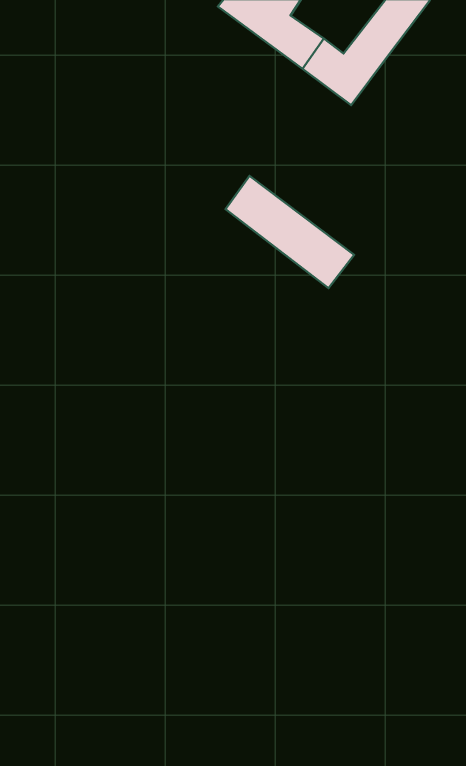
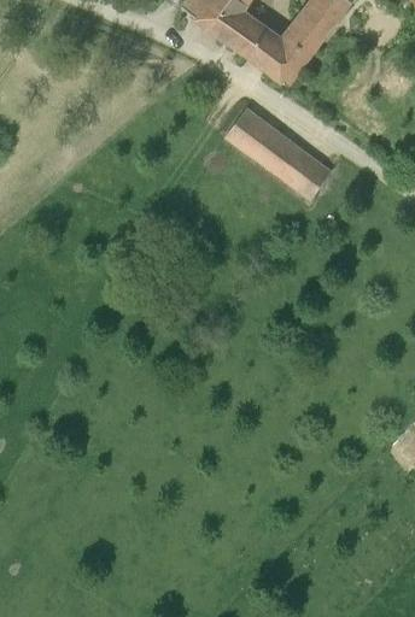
building: [225,176,354,288] -> [226,110,328,199]

